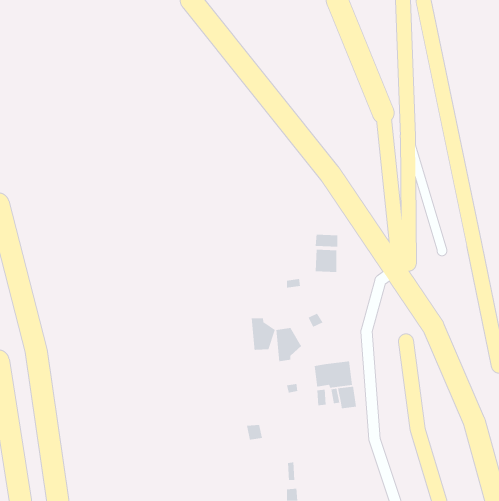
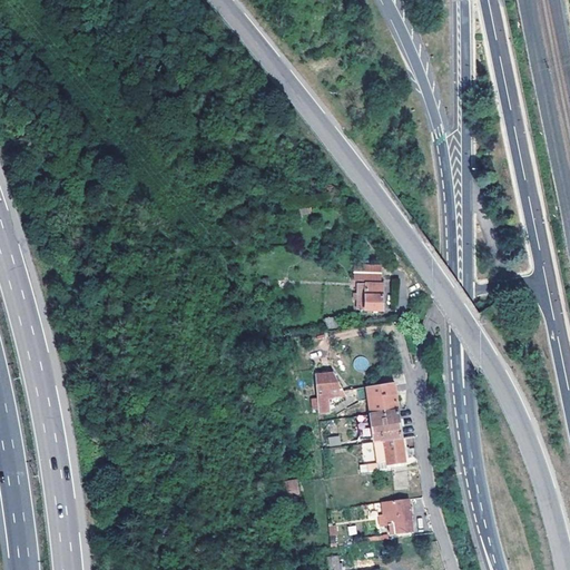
building: [251,318,275,351] -> none
building: none -> [365,382,397,413]
building: none -> [375,499,412,533]

